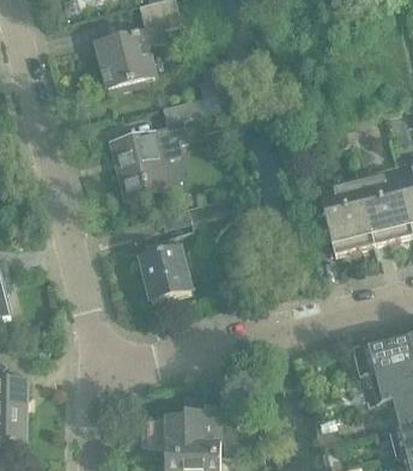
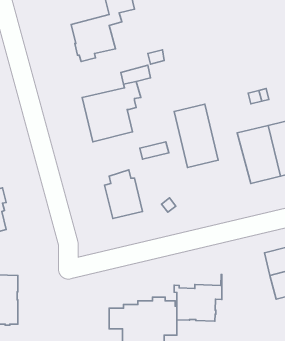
building: none -> [174,104,218,168]
building: none -> [174,274,222,321]

